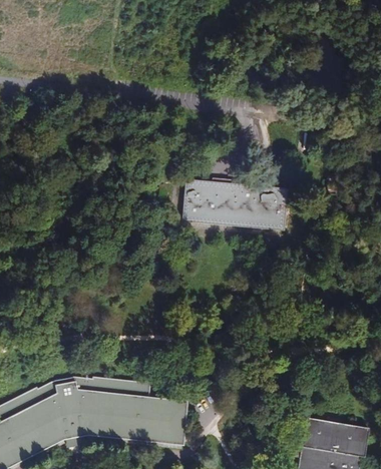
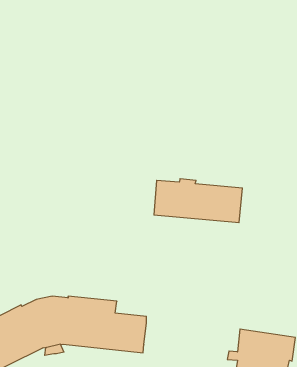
building: [183,180,289,232] -> [154,179,242,223]

